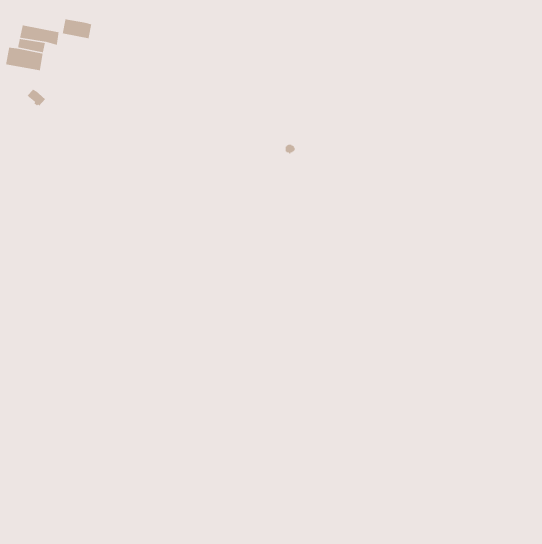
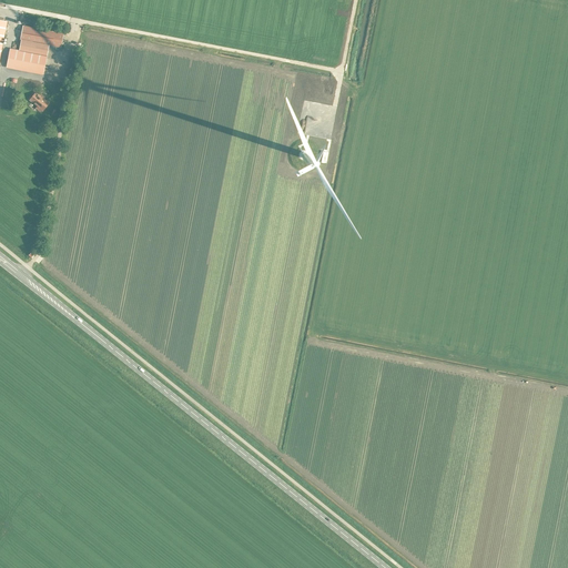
building: [62,19,92,39] -> none

